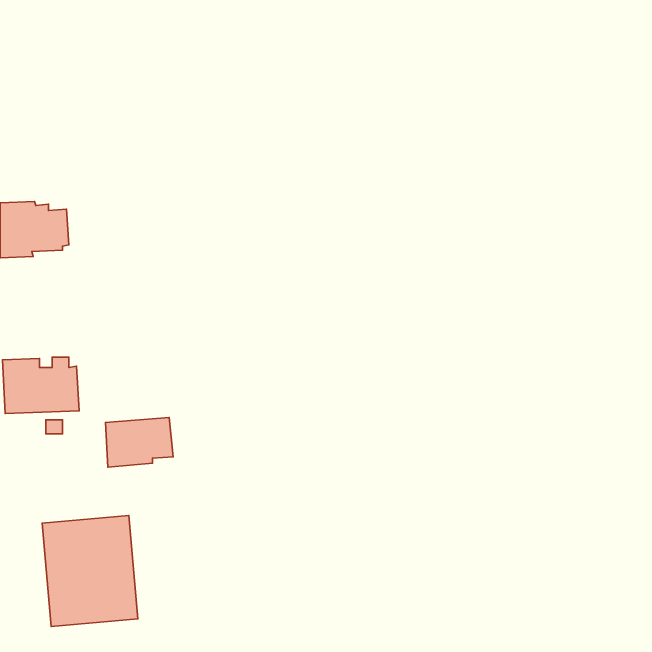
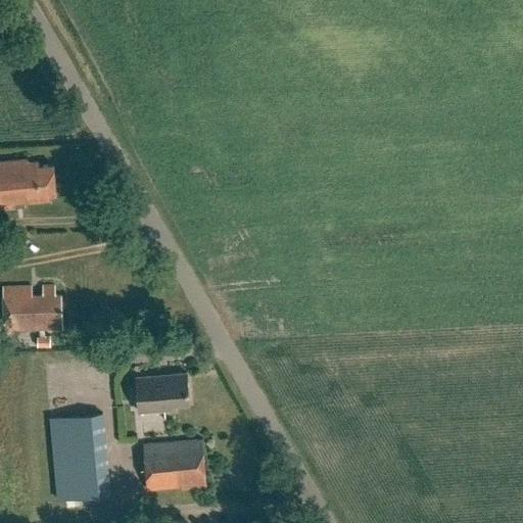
building: [105,417,173,467] -> [136,372,190,412]
building: none -> [143,439,206,491]

